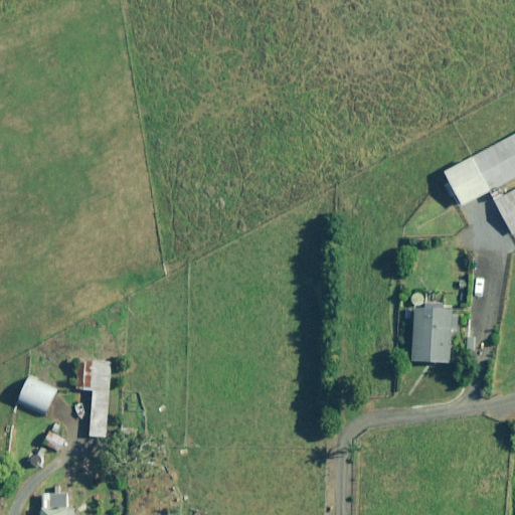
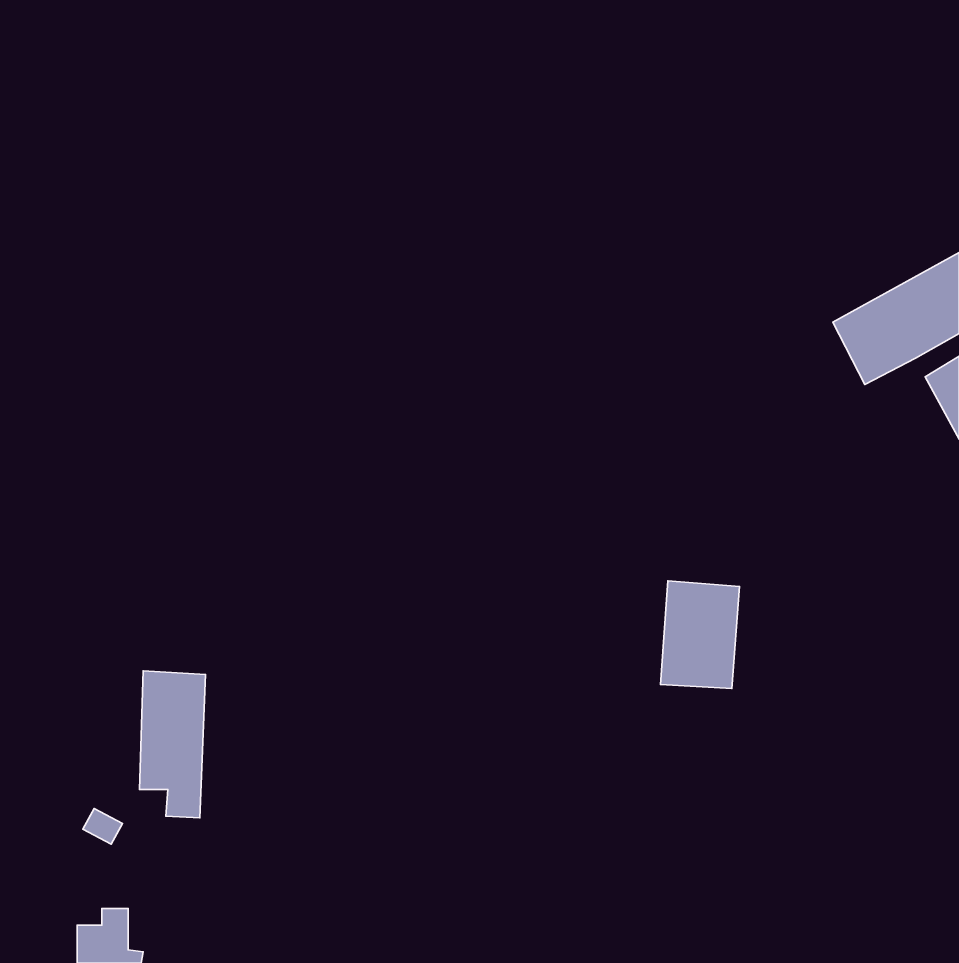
building: [411,305,454,362] -> [660,581,739,688]
building: [20,377,57,415] -> none

